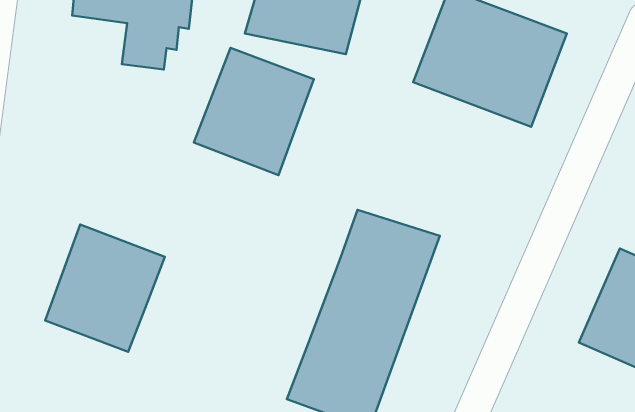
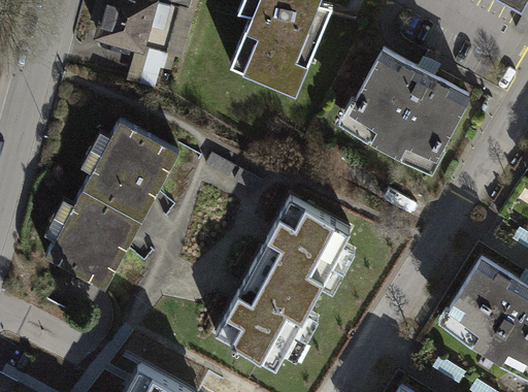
building: [194,48,314,175] -> [82,120,178,220]

